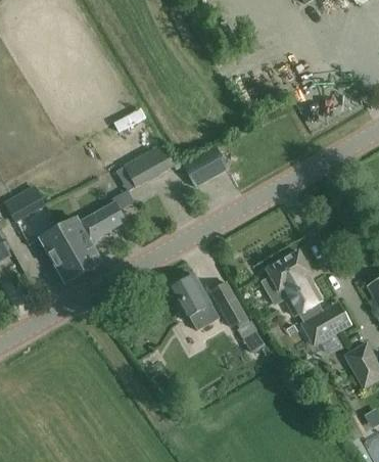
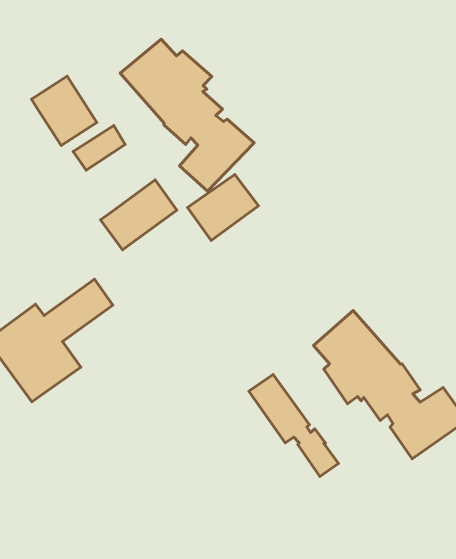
building: none -> [120,39,254,191]
building: none -> [31,76,97,146]
building: [167,273,219,329] -> none

